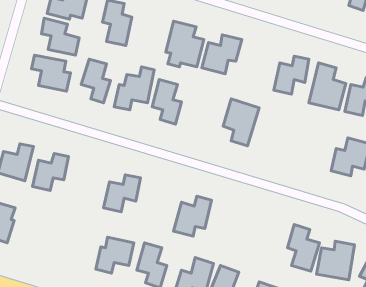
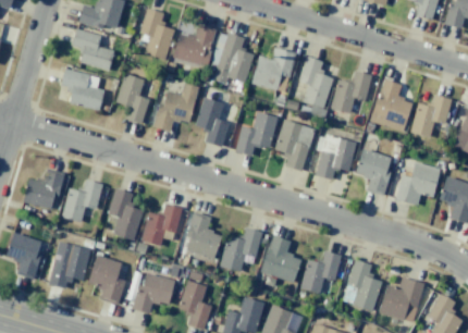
building: none -> [174,24,215,65]
building: none -> [300,57,332,108]
building: none -> [235,111,279,156]
building: none -> [316,134,357,180]
building: none -> [356,148,392,195]
building: none -> [108,189,143,240]
building: none -> [184,212,222,258]
building: none -> [261,235,301,282]
building: none -> [50,243,89,287]
building: none -> [301,250,341,293]
building: none -> [89,256,127,304]

